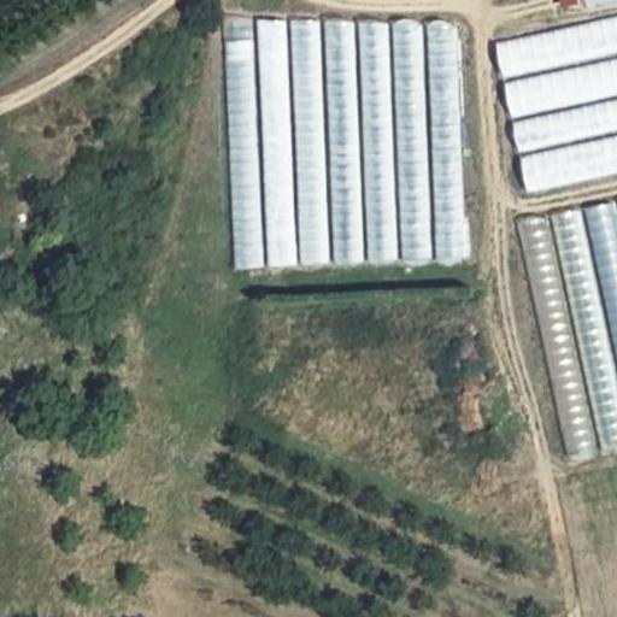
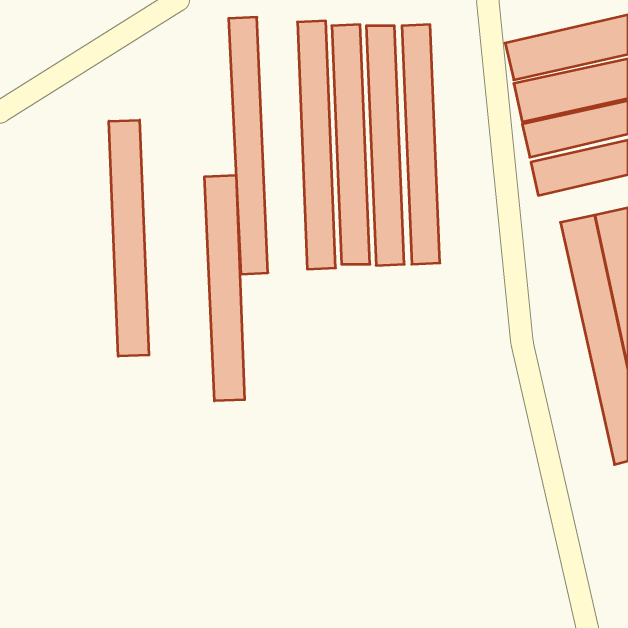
building: [258,19,296,268] -> none
building: [430,24,465,255] -> none
building: none -> [109,120,149,356]
building: none -> [205,175,245,401]
building: [521,218,603,463] -> none

